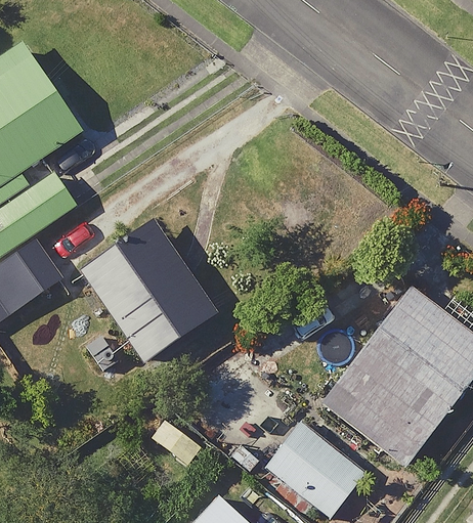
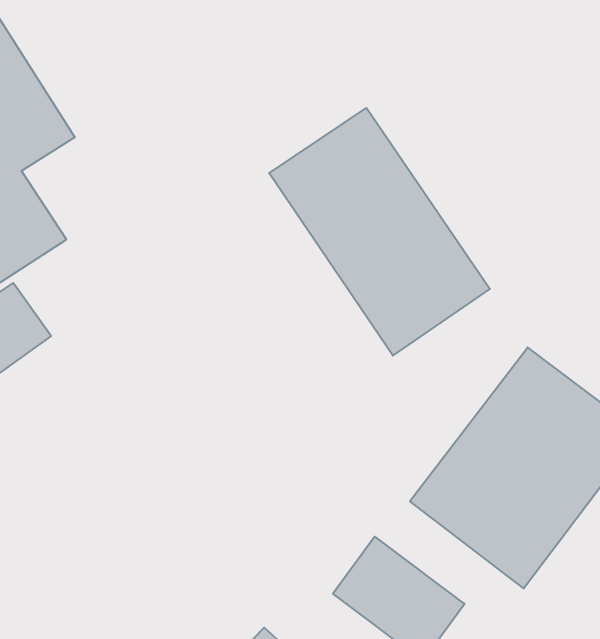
building: none -> [269,108,490,356]
building: [80,218,215,359] -> none

